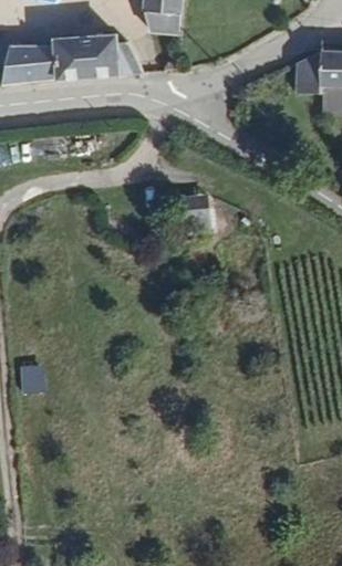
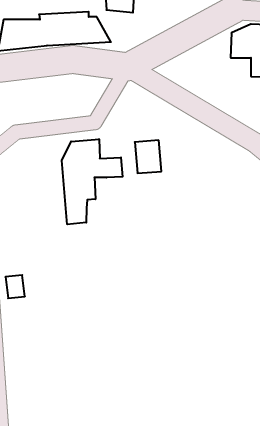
building: none -> [62,139,123,224]

